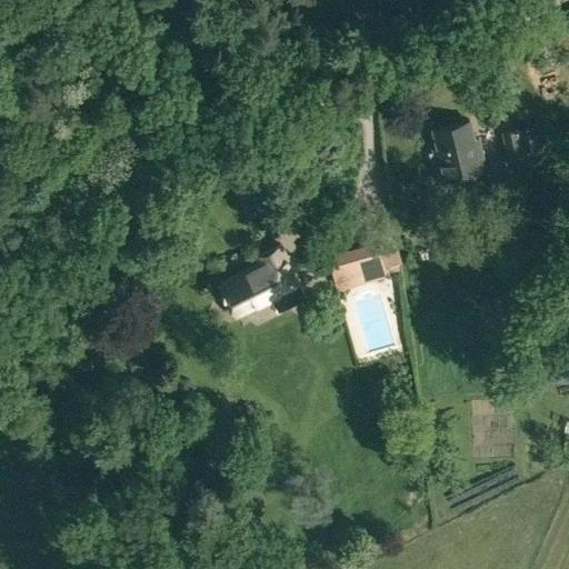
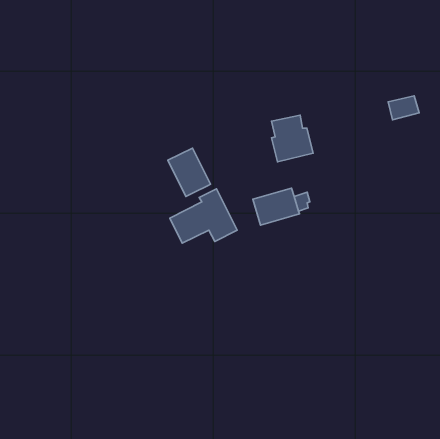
building: [431,122,485,182] -> [272,115,313,162]
building: none -> [168,148,211,196]

